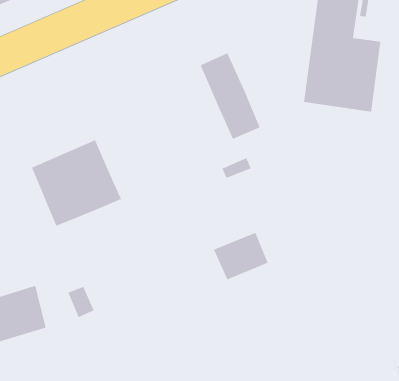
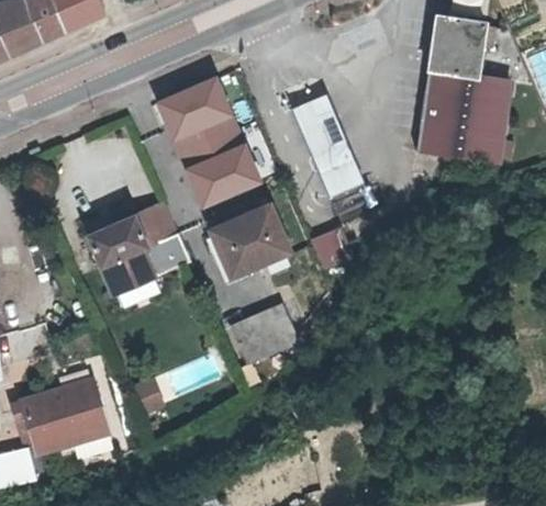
building: none -> [159,76,259,202]
building: none -> [210,204,288,276]
building: [213,232,269,280] -> [230,303,297,361]

